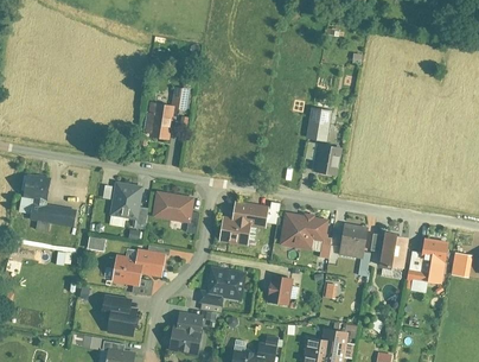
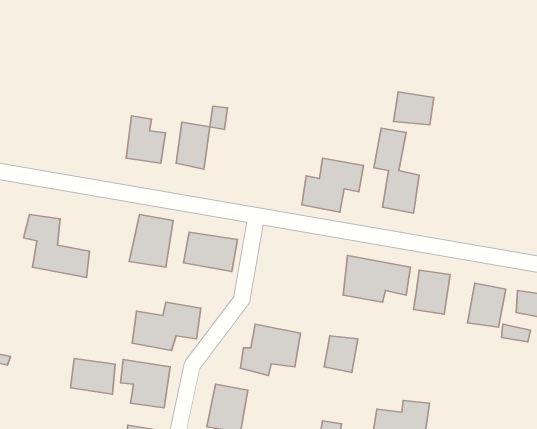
building: none -> [394,92,434,125]
building: none -> [126,116,166,163]
building: [219,199,269,243] -> [302,158,363,212]
building: none -> [71,358,115,394]

